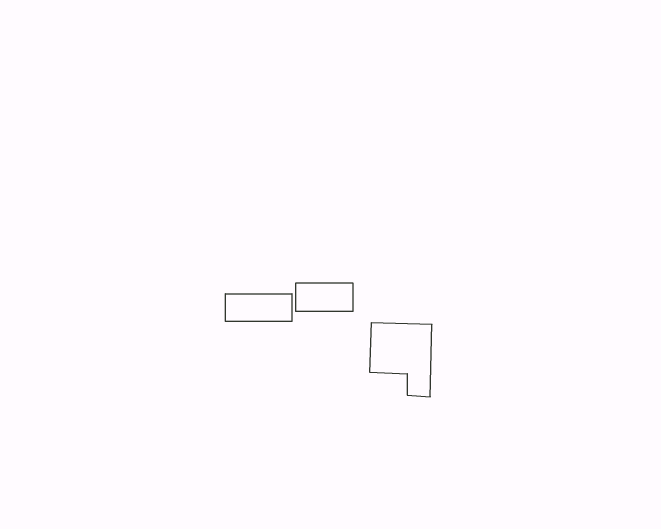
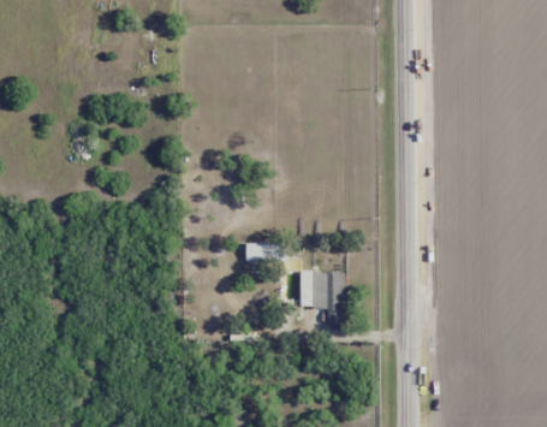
building: [225,294,292,321] -> none

